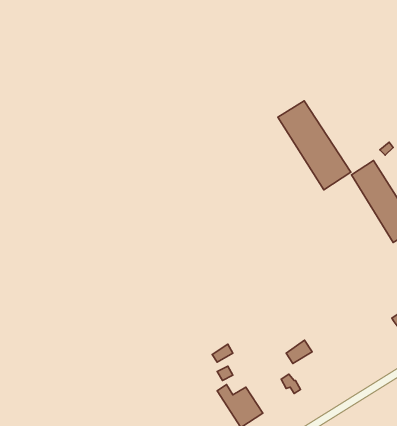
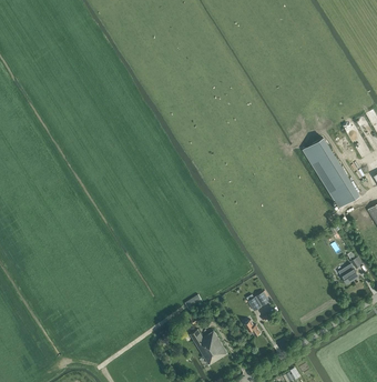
building: [278,101,351,190] -> none

